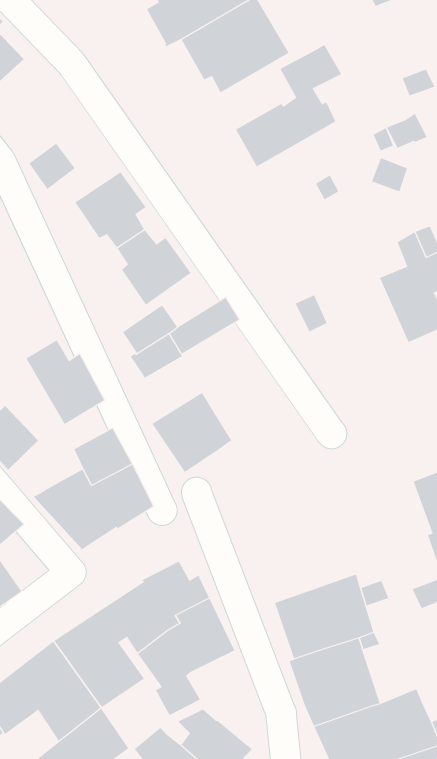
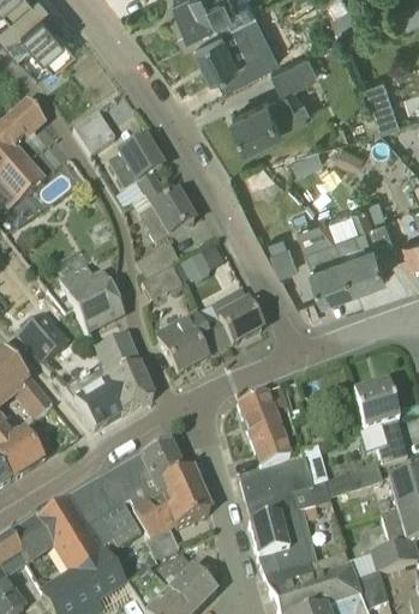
building: none -> [305,233,357,295]
building: none -> [196,289,262,350]
building: none -> [237,390,291,465]

